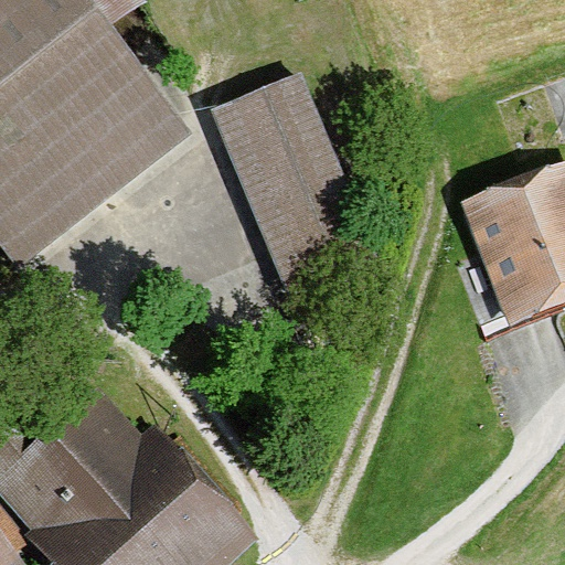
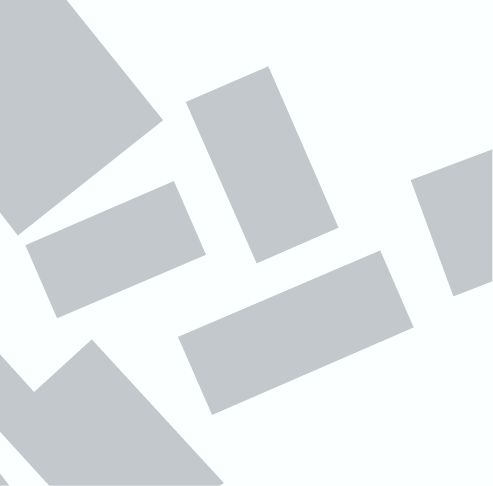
building: none -> [25,180,207,319]
building: none -> [177,249,414,416]

